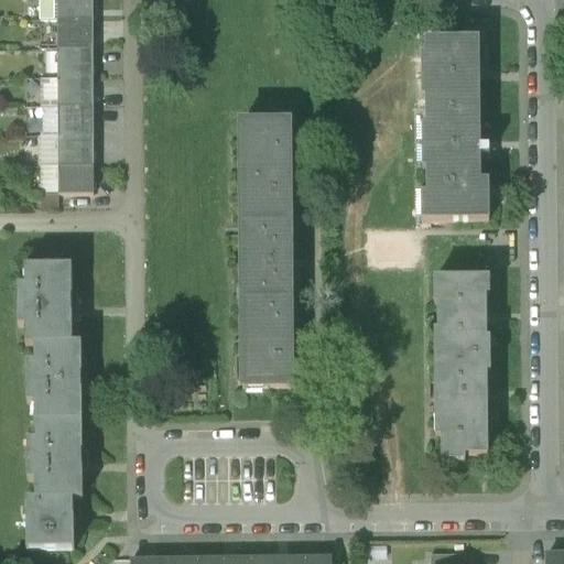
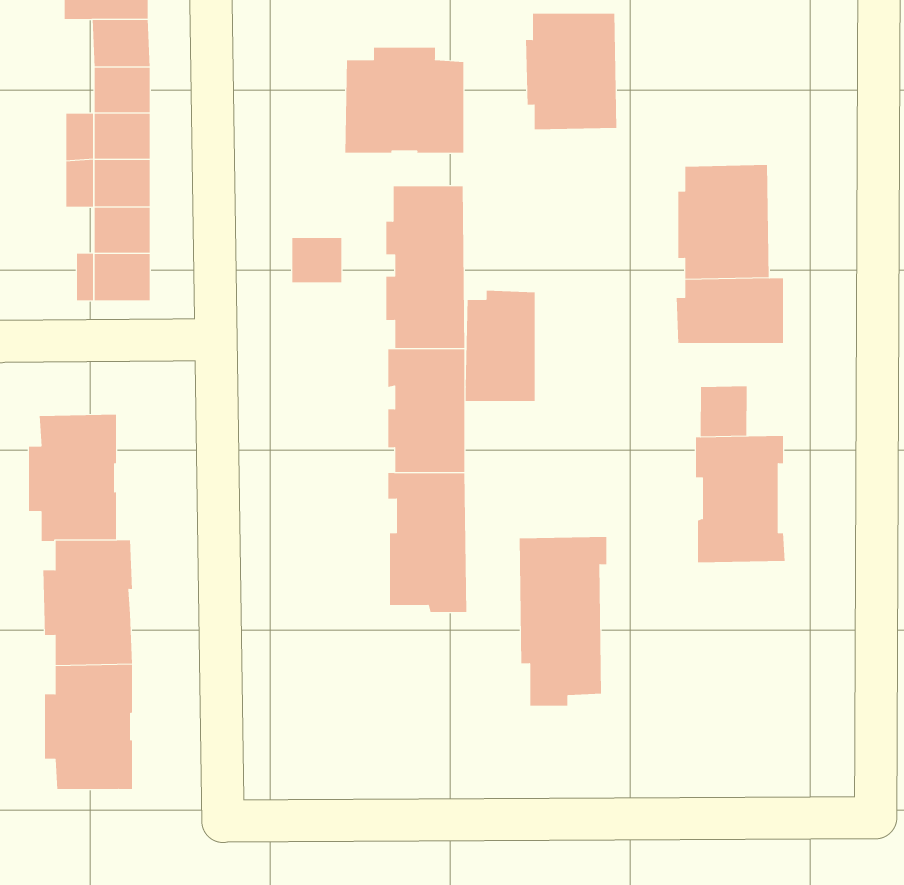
building: none -> [345,47,464,153]
building: [421,31,478,104] -> [525,13,617,130]
building: none -> [292,237,342,283]
building: none -> [465,290,535,402]
building: none -> [700,386,747,437]
building: [434,349,489,455] -> [519,536,607,706]
building: [26,491,75,542] -> none

